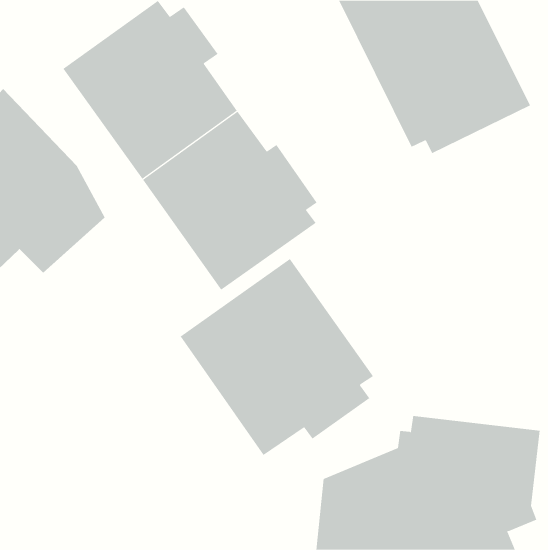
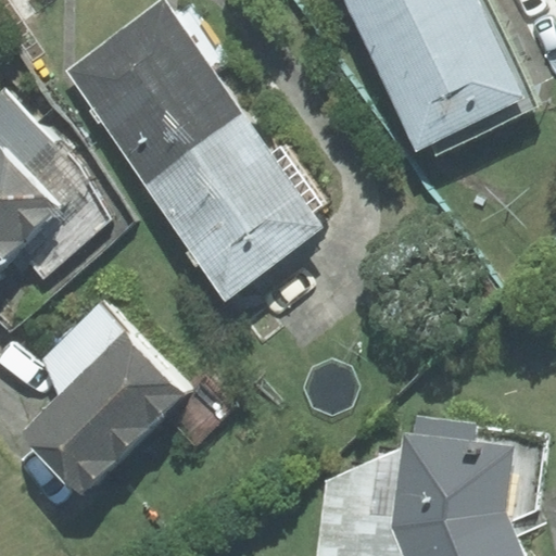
building: [180,258,374,456] -> none
building: none -> [21,302,189,497]

